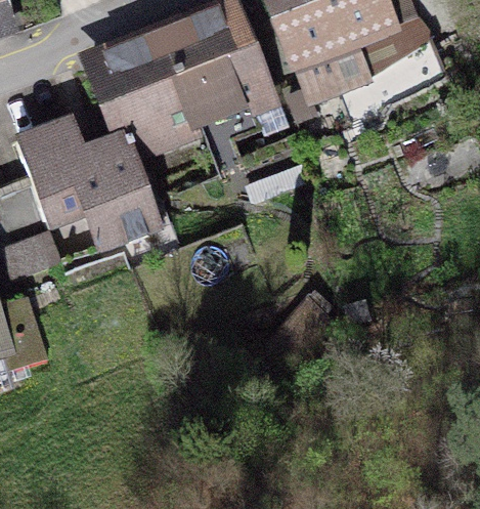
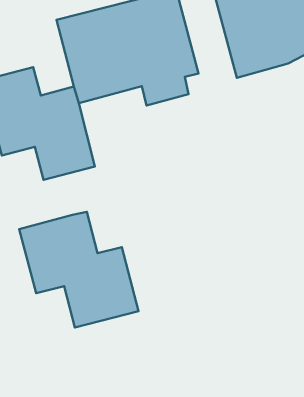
building: none -> [19,212,138,328]

